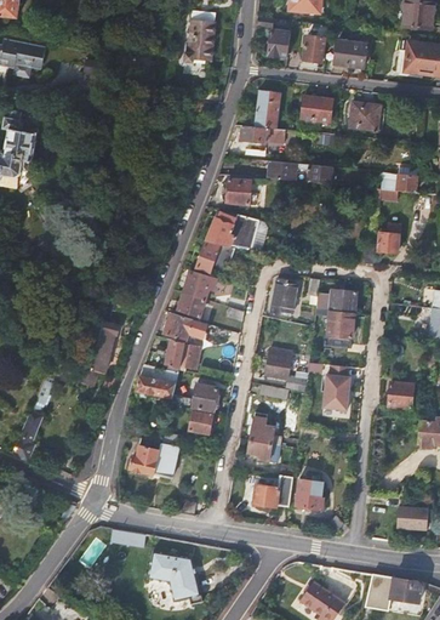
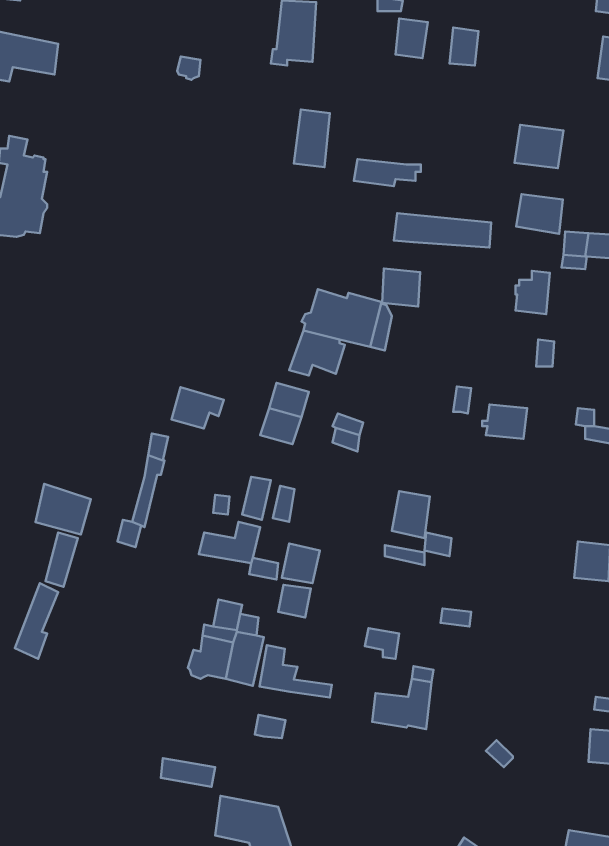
building: [335,40,366,68] -> none
building: [255,90,279,129] -> [294,109,330,167]
building: [301,96,332,123] -> [516,194,563,234]
building: [225,180,251,205] -> [382,269,420,306]
building: [377,224,400,254] -> [516,271,550,314]
building: [270,279,296,315] -> none
building: [324,311,354,337] -> none
building: [164,312,199,340] -> [171,387,224,429]
building: none -> [35,484,91,534]
building: [322,364,350,410] -> none
building: [250,413,298,448] -> [260,645,332,697]
building: [296,479,324,510] -> none

